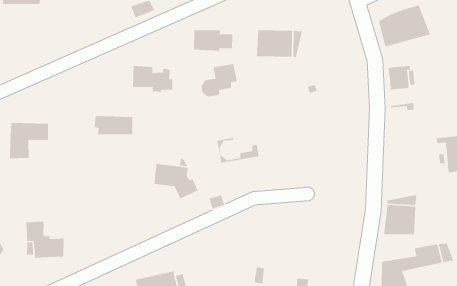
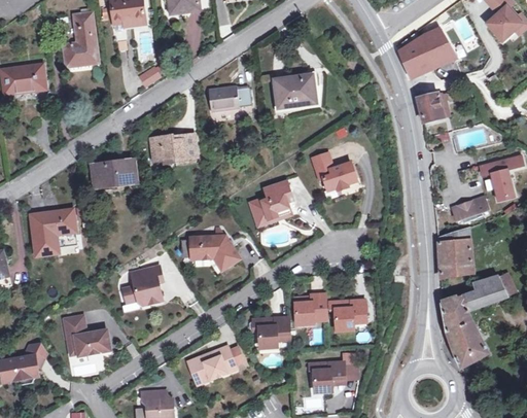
building: [201,63,238,98] -> [254,181,292,221]
building: none -> [311,153,356,190]
building: [94,115,133,135] -> [92,162,135,187]
building: none -> [452,196,488,222]
building: none -> [122,266,162,304]
building: none -> [294,294,325,324]
building: none -> [331,300,365,330]
building: none -> [257,318,289,348]

